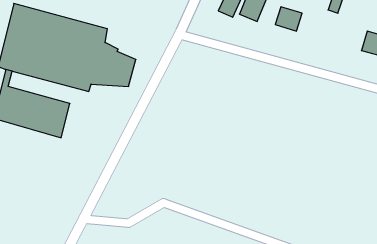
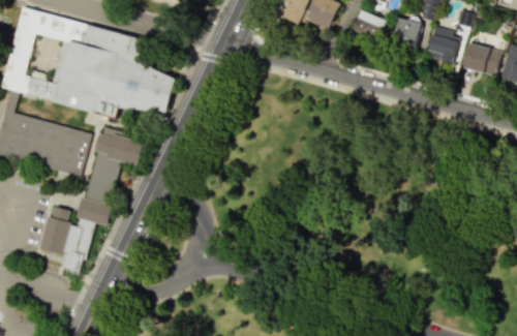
building: none -> [391,18,422,49]
building: none -> [427,28,458,62]
building: none -> [38,126,144,270]

